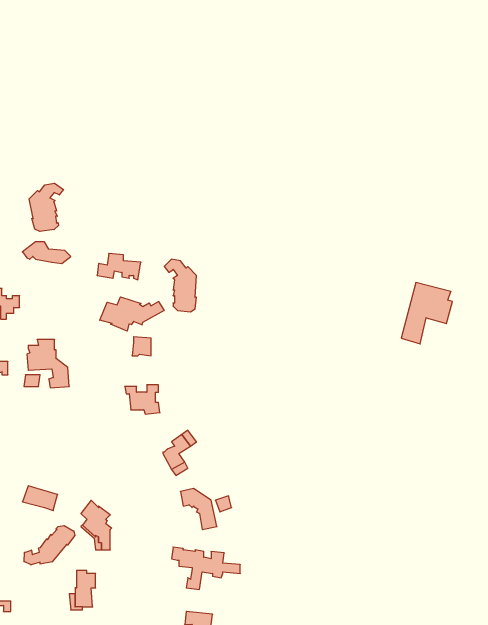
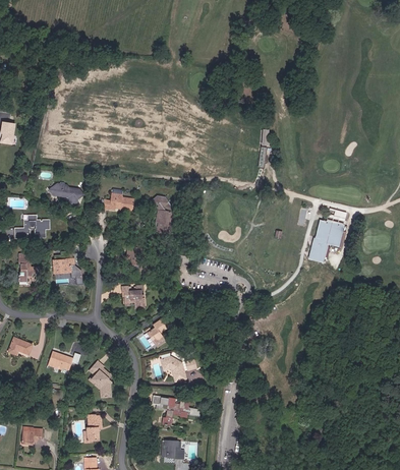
building: [29,183,63,231] -> none
building: [100,297,164,331] -> none
building: [24,526,75,565] -> none

